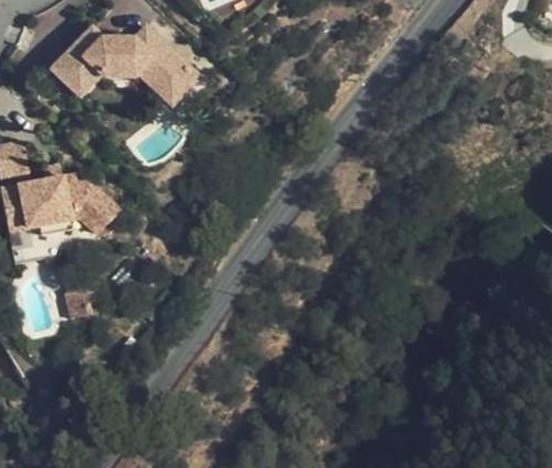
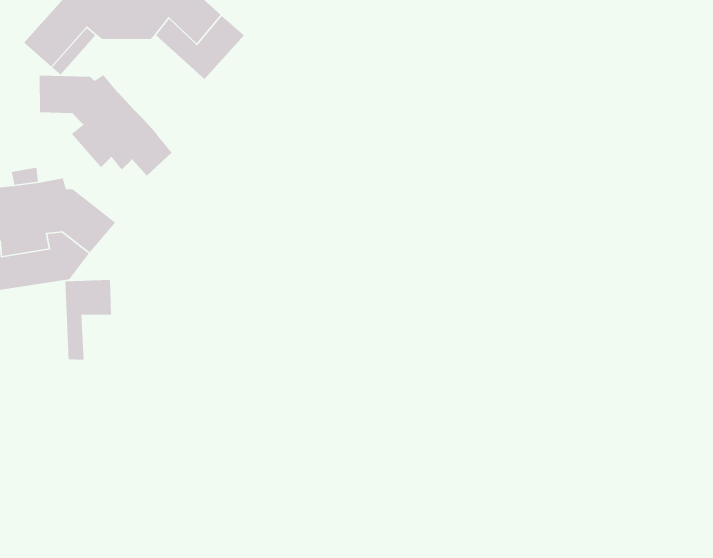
building: none -> [39,74,173,176]
building: none -> [65,279,112,360]

